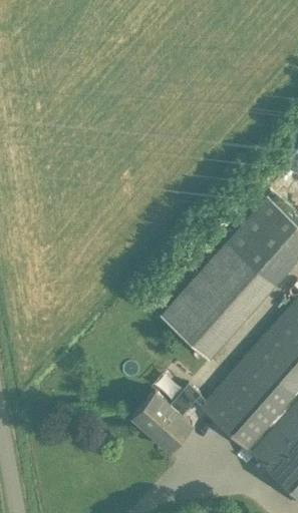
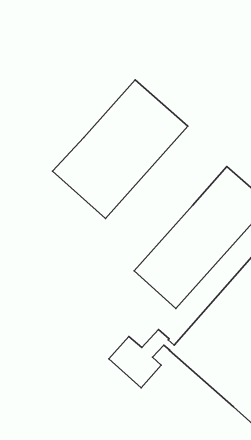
building: none -> [53,80,188,219]

